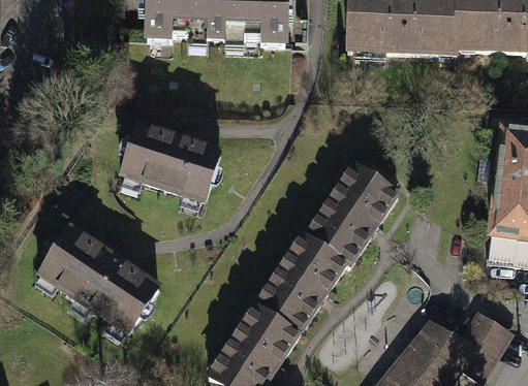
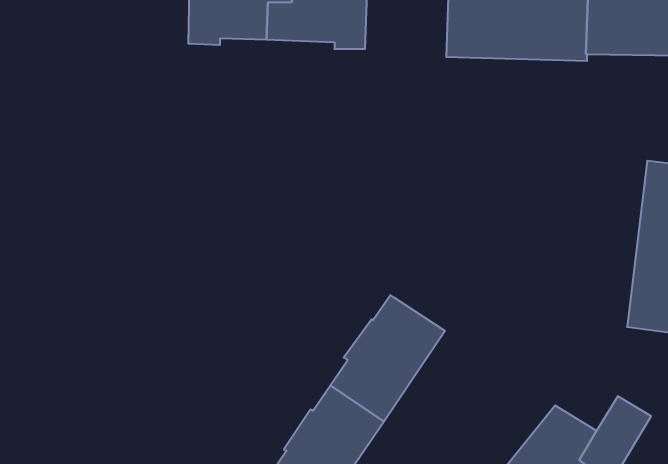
building: [121,122,220,197] -> none
building: [308,163,398,262] -> none
building: [39,224,159,328] -> none

